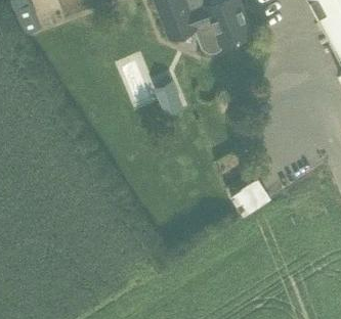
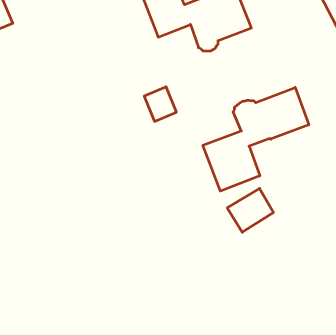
building: none -> [203,87,309,191]

